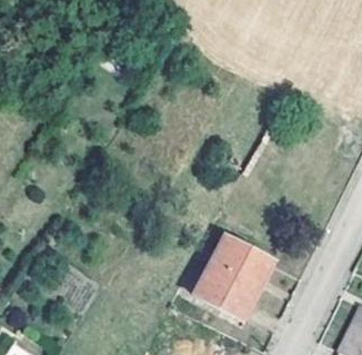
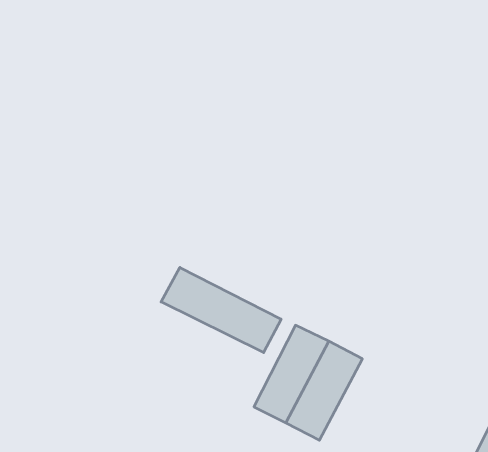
building: none -> [161,267,281,353]

